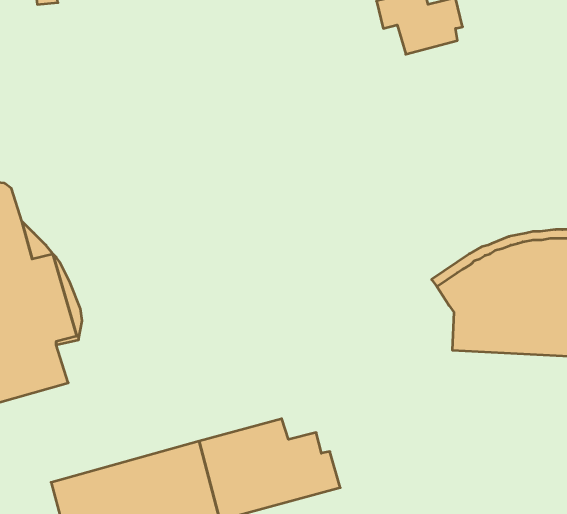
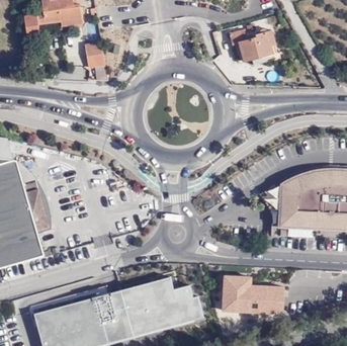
building: none -> [83,39,104,67]
building: none -> [222,277,282,312]

